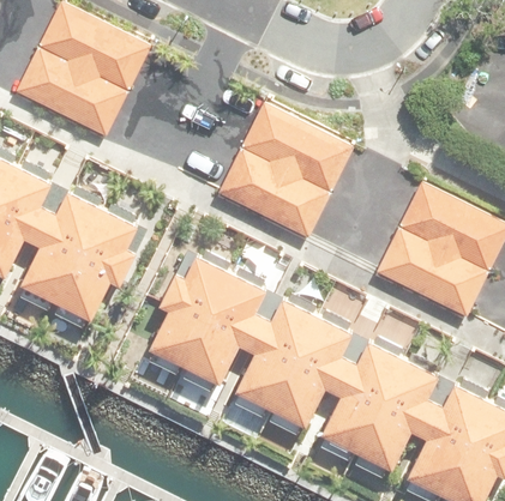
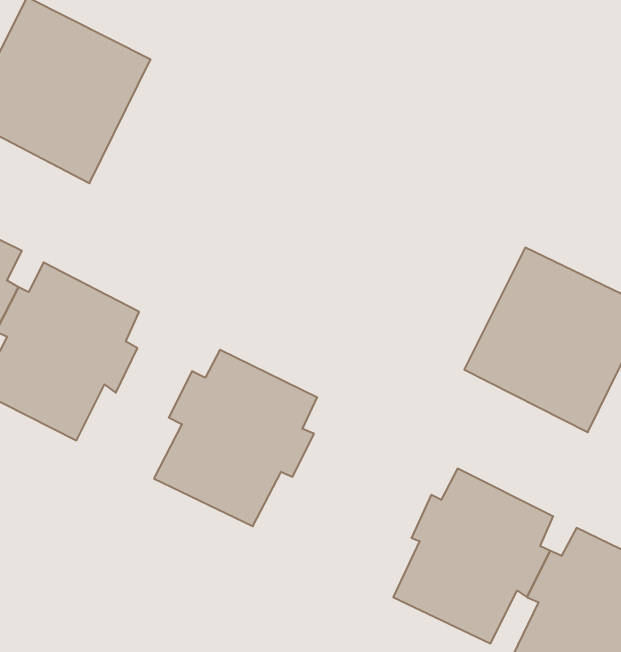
building: [217,103,353,237] -> none
building: [238,298,355,427] -> none

